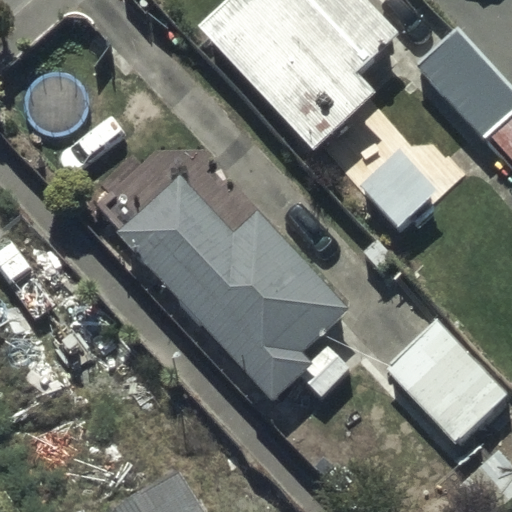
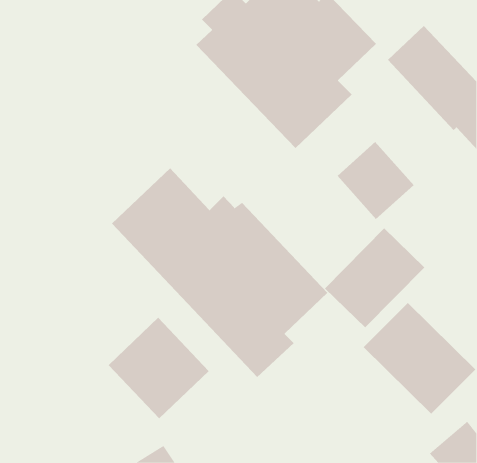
building: none -> [324,228,425,328]
building: none -> [108,317,209,419]

